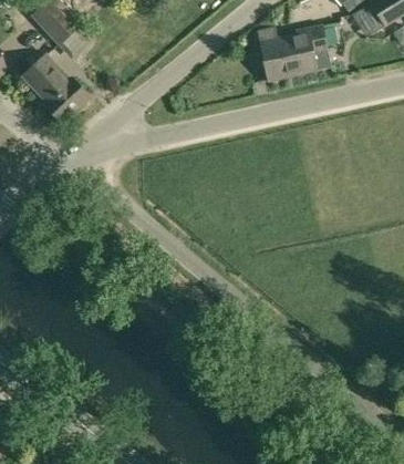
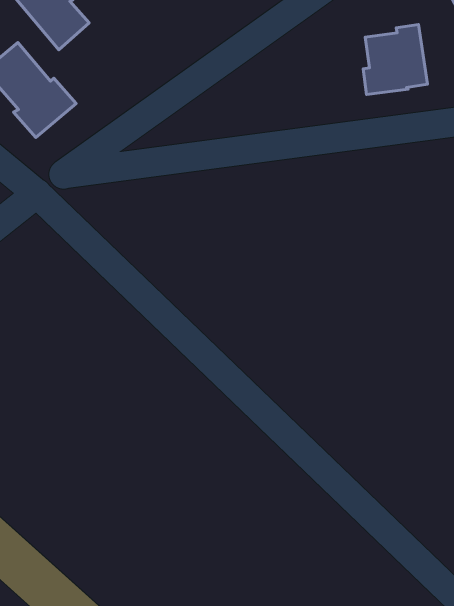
building: [259,35,289,80] -> none

